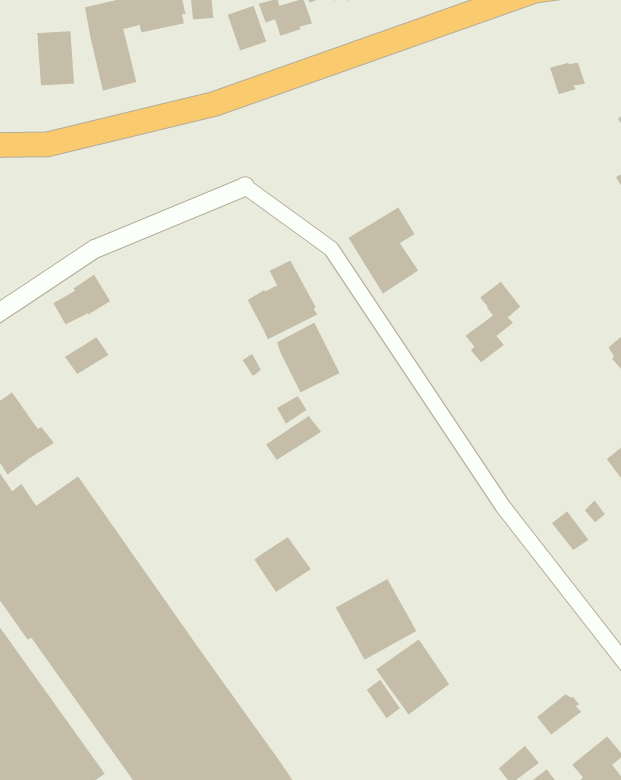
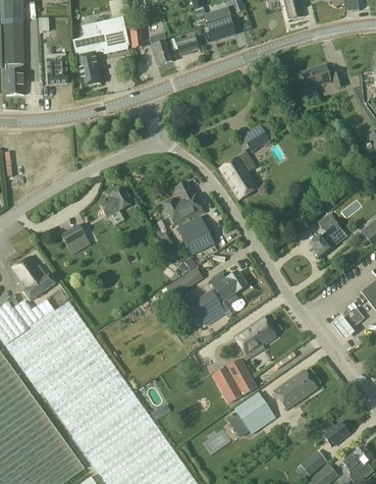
building: none -> [301,65,330,90]
building: none -> [240,124,271,153]
building: [52,274,111,325] -> [99,187,131,216]
building: [464,281,521,363] -> [309,213,340,259]
building: none -> [209,272,246,301]
building: none -> [233,317,276,356]
building: [253,536,312,593] -> [192,291,224,323]
building: none -> [273,370,317,410]

